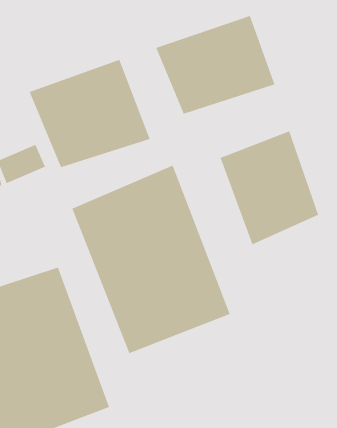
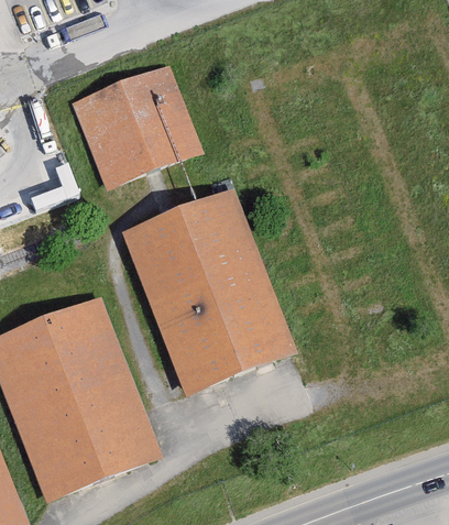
building: [155,15,275,114] -> none
building: [220,130,319,245] -> none

